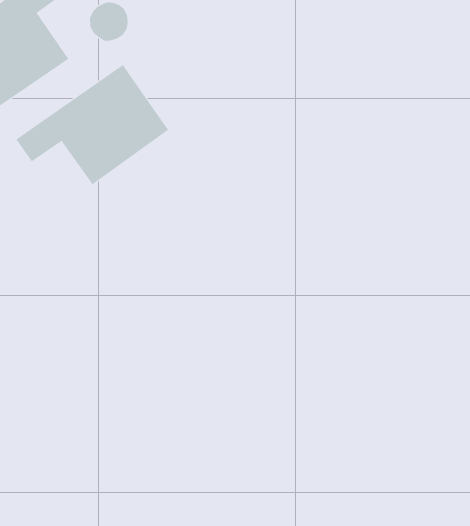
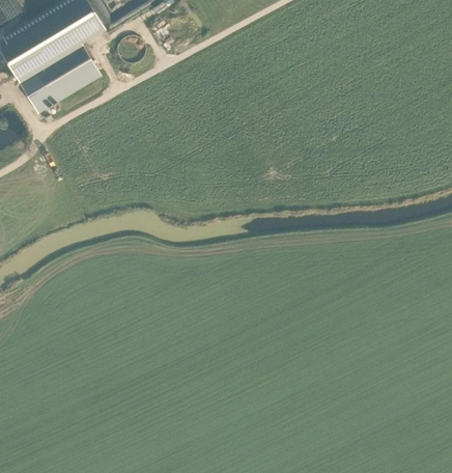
building: [15,64,169,185] -> none

